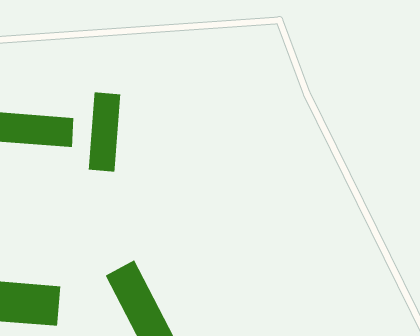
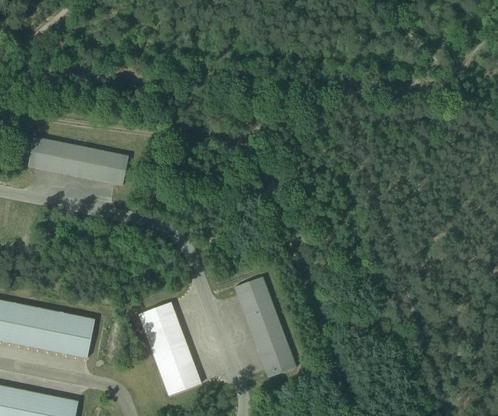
building: [88,92,121,173] -> none
building: none -> [235,277,296,377]

